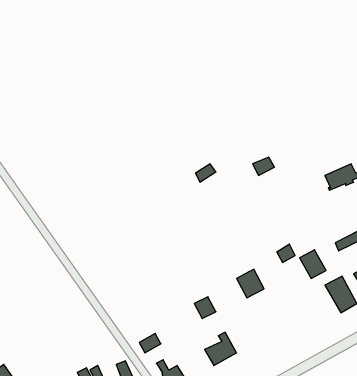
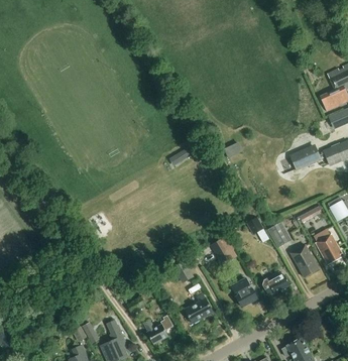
building: none -> [262,271,289,295]
building: none -> [231,278,257,308]

